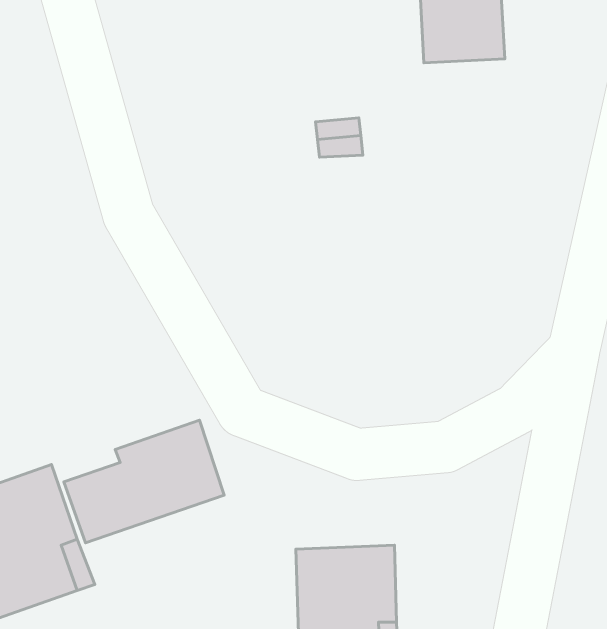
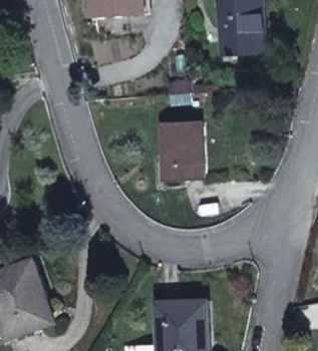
building: none -> [160,121,203,181]
building: [64,420,224,543] -> none

